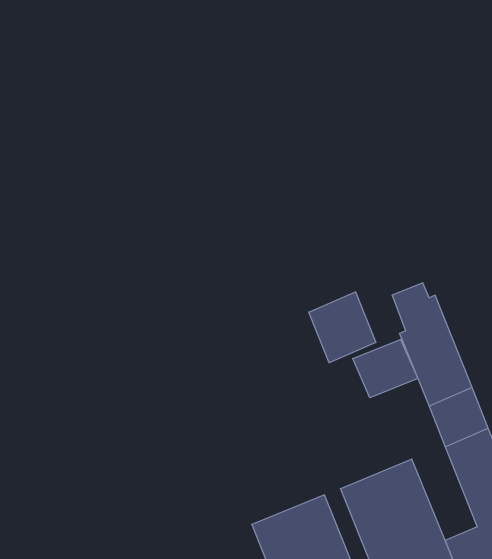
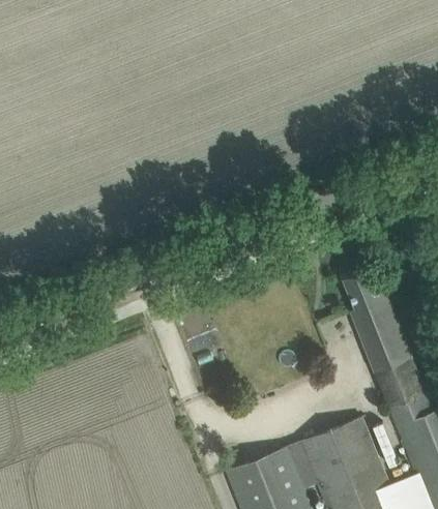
building: [309,292,376,363] -> none
building: [353,339,418,398] -> none

